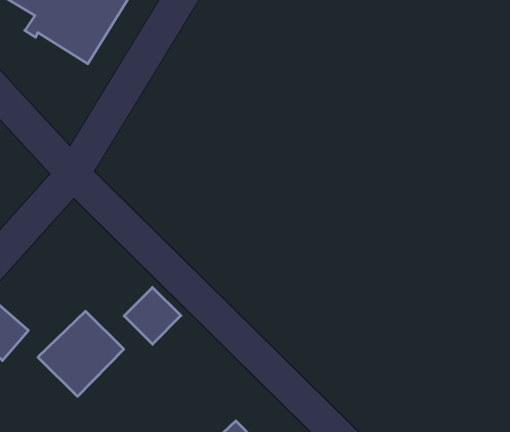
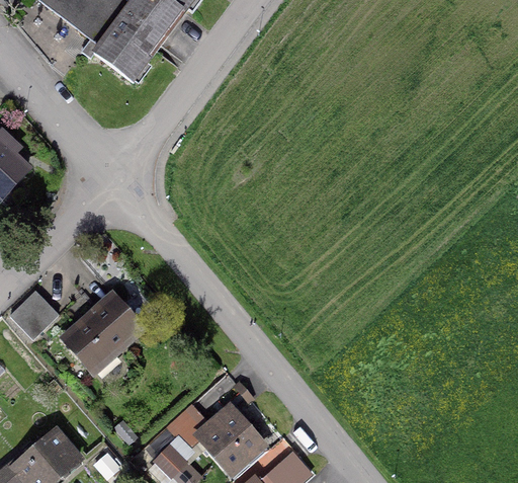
building: [124,287,181,344] -> none

